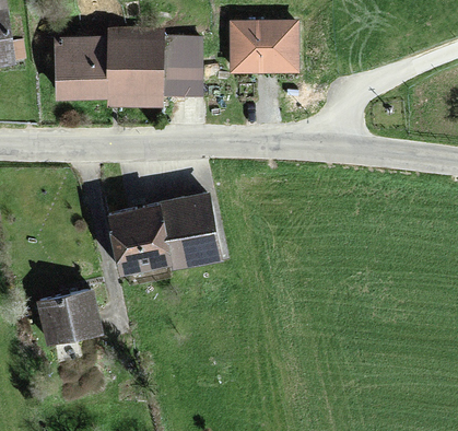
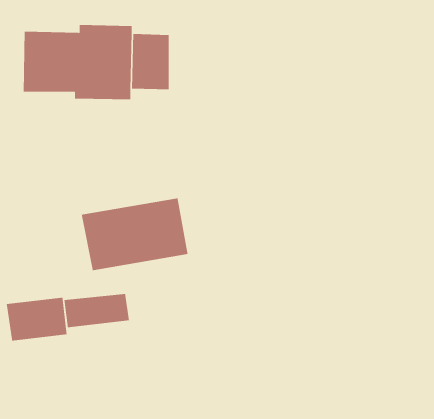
building: [231,16,301,71] -> none
building: none -> [63,293,130,328]

